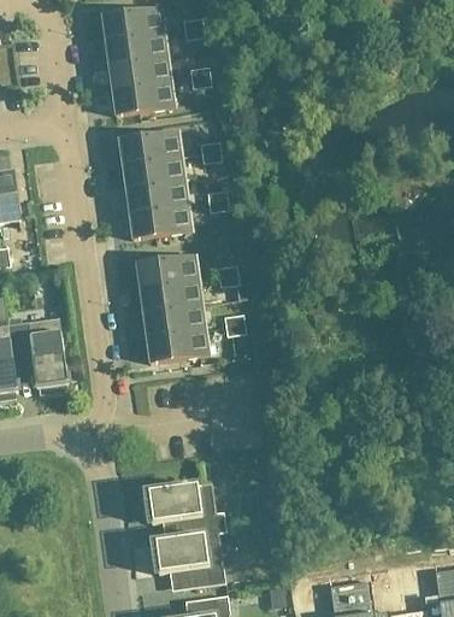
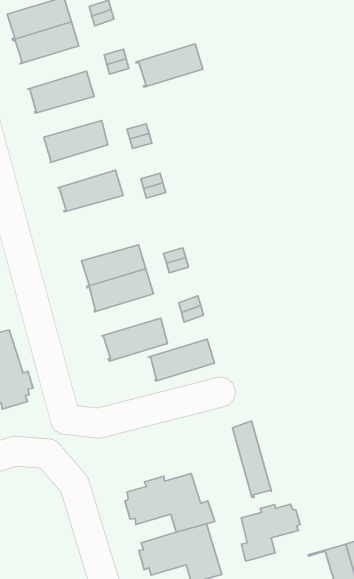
building: [107,57,170,90] -> [136,44,203,87]
building: [122,155,183,189] -> none
building: [128,206,190,239] -> none
building: [142,305,205,337] -> [148,339,215,381]
building: none -> [232,421,272,498]
building: none -> [241,504,300,561]

